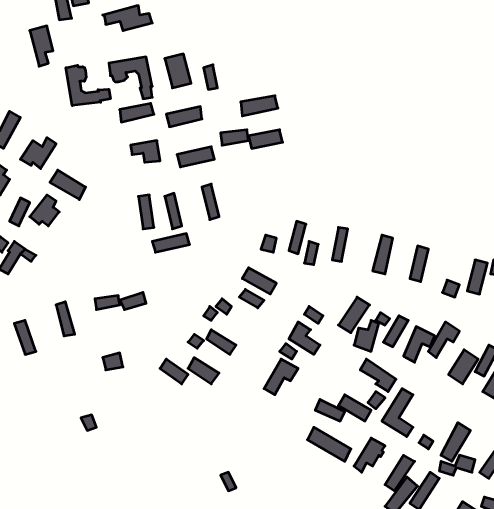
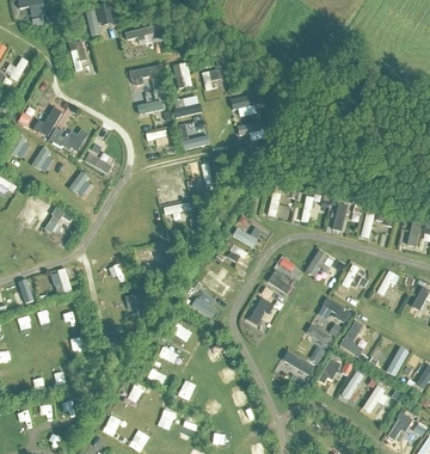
building: [66,65,110,106] -> none

